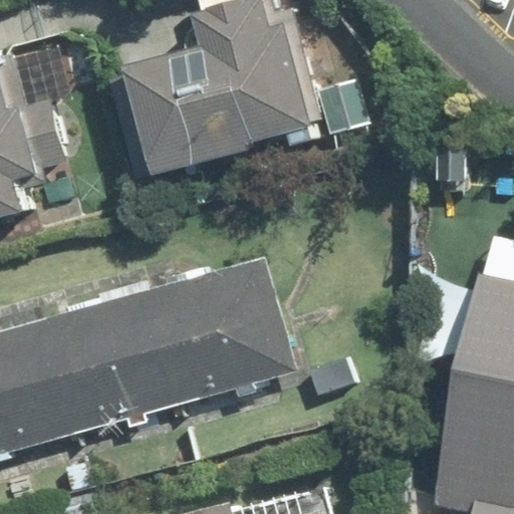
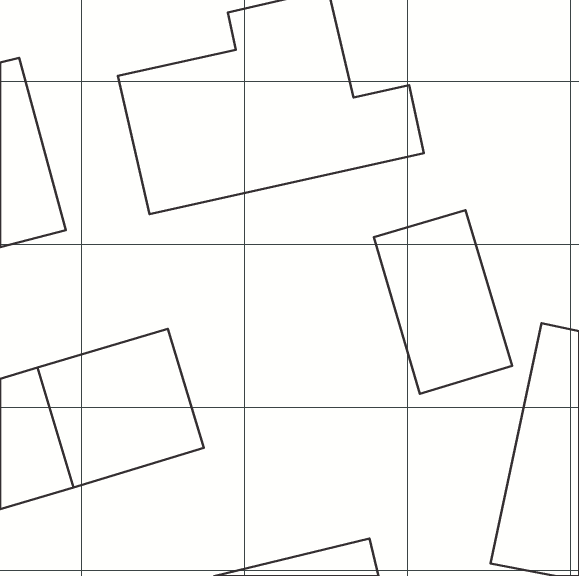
building: none -> [374,210,512,394]
building: [149,257,296,397] -> none

